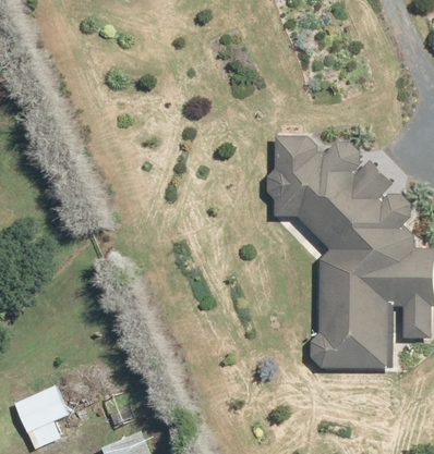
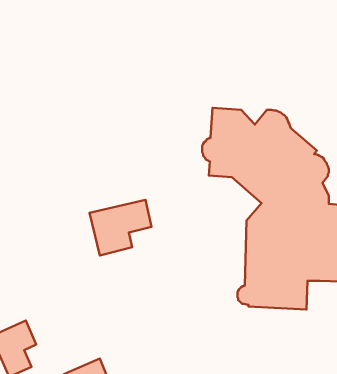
building: none -> [90,200,152,256]

